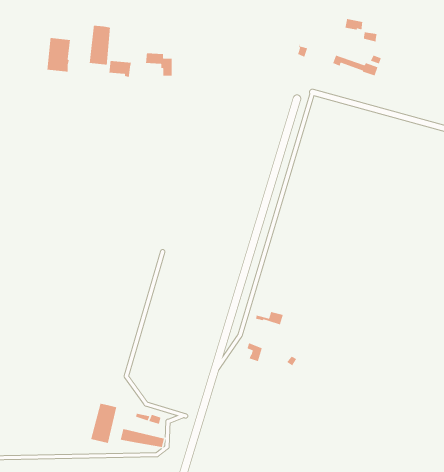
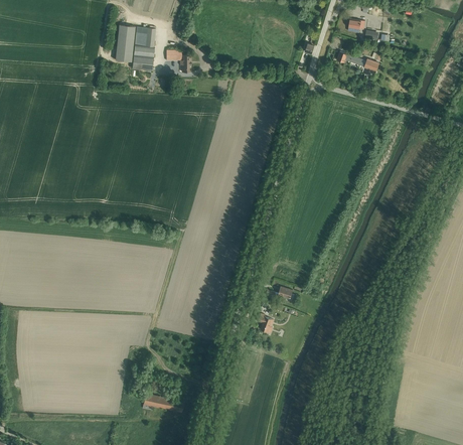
building: [47,37,71,72] -> [133,27,155,59]
building: [90,403,117,444] -> none

